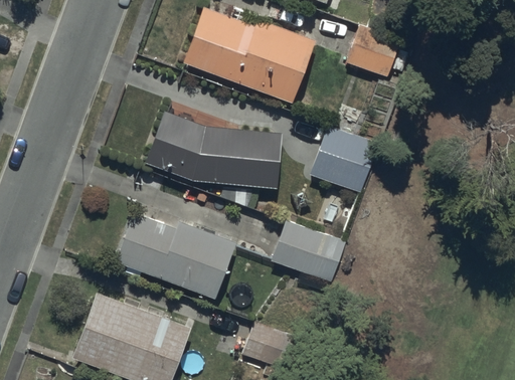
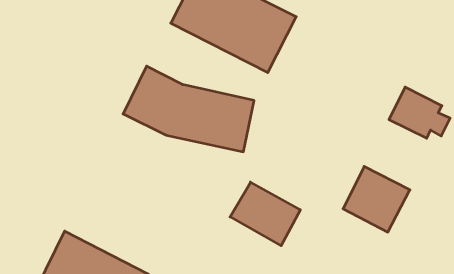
building: [345,25,409,76] -> [389,87,450,138]
building: [310,127,378,193] -> [343,166,410,232]
building: [115,214,234,298] -> none

